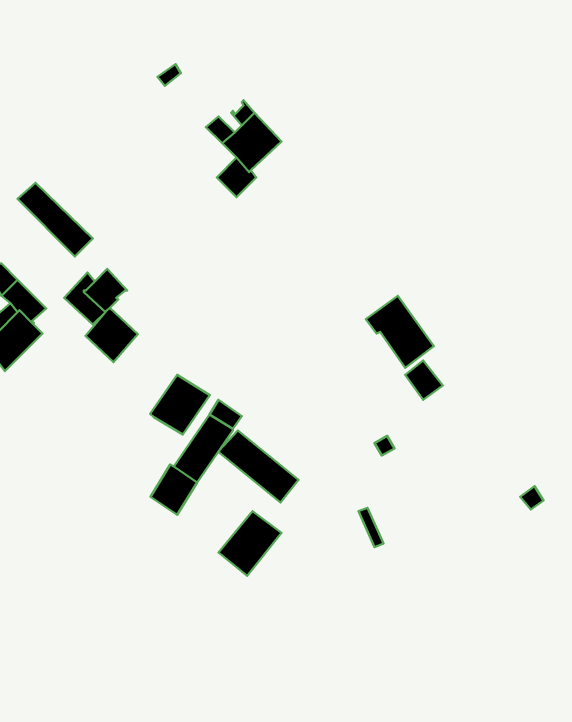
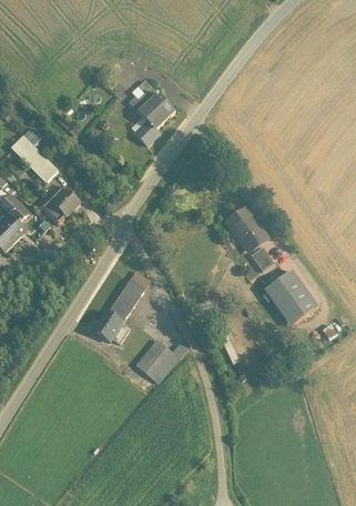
building: [85,308,138,362] -> none
building: [150,375,210,435] -> none
building: none -> [264,270,317,326]
building: [219,430,299,502] -> none

